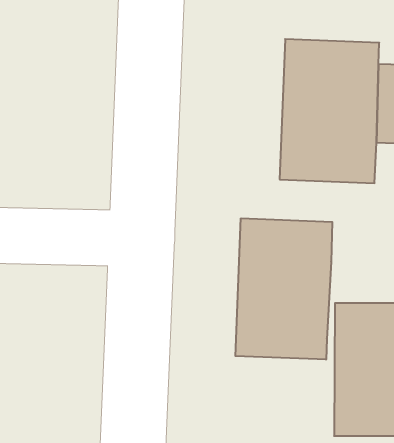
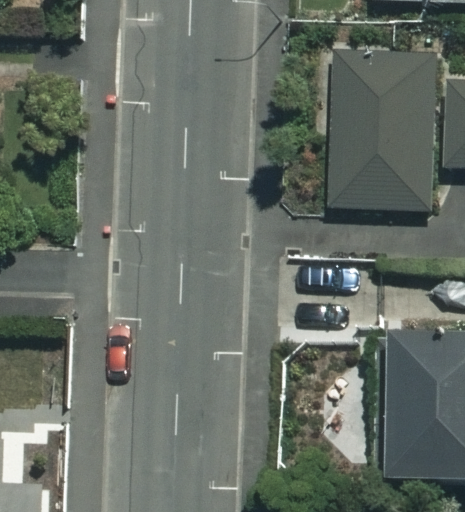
building: [235,218,332,360] -> none

